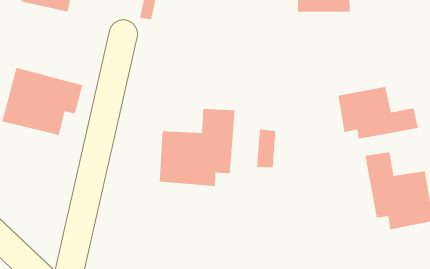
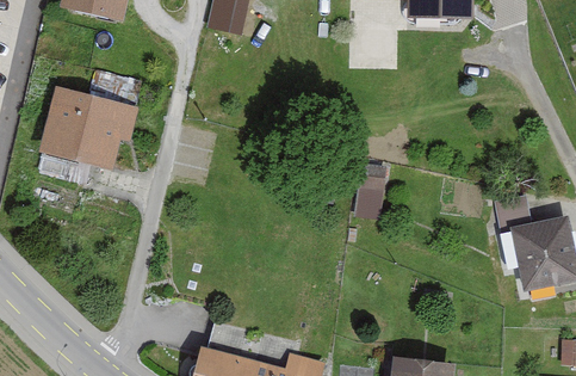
building: [338,86,418,140] -> none
building: [159,108,235,187] -> none

